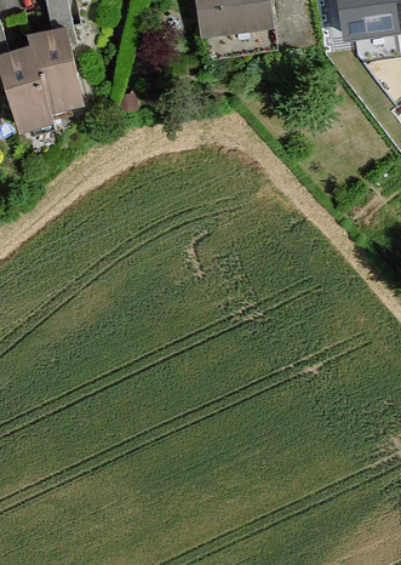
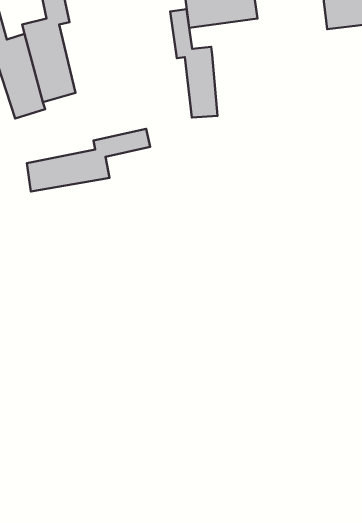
building: none -> [170,9,218,118]
building: none -> [27,129,150,191]

